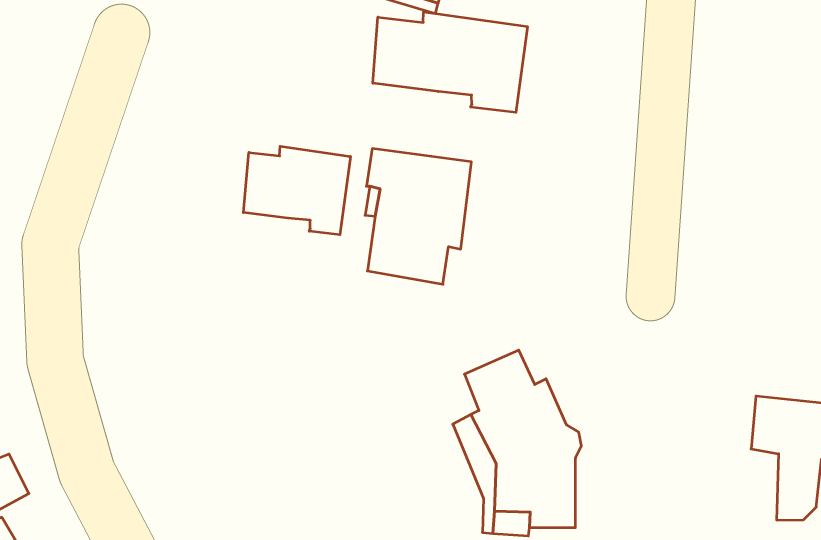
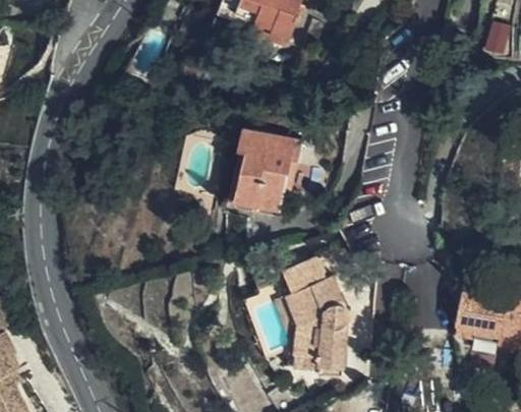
building: [373,12,527,112] -> none
building: [243,146,350,235] -> none

